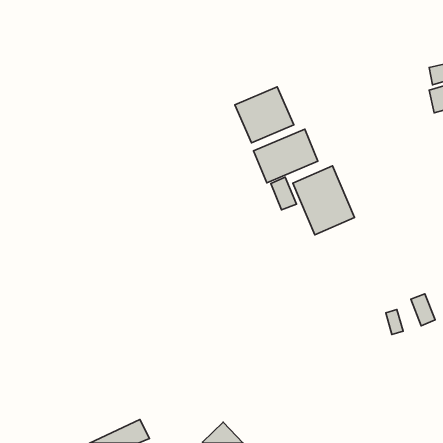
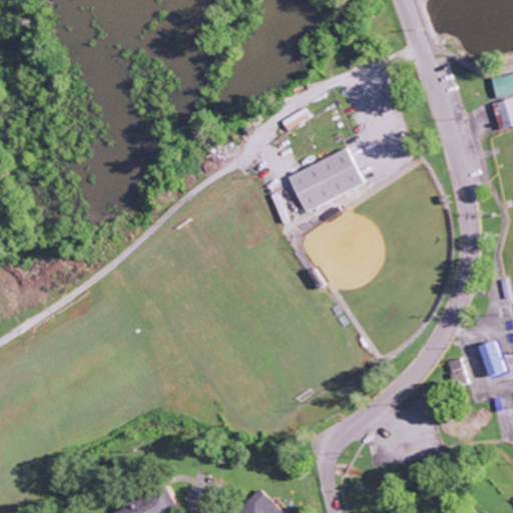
building: [235,87,294,143] -> none
building: [293,166,355,235] -> none
building: [271,177,297,210] -> none

